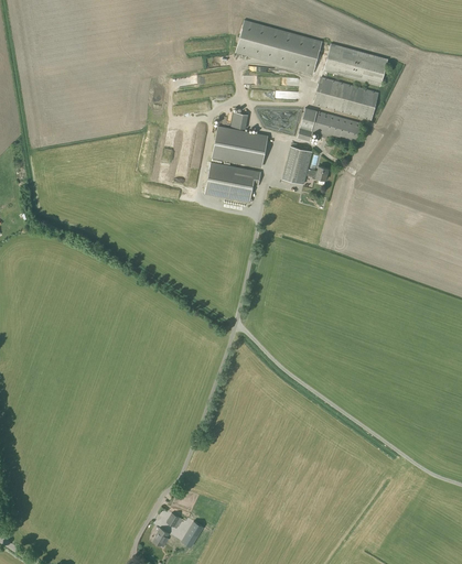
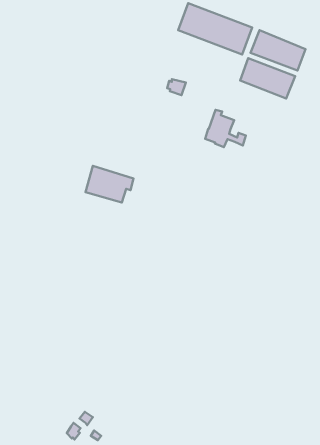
building: [297,108,361,143] -> none
building: [212,127,267,167] -> none
building: [205,162,260,202] -> [85,166,134,202]

